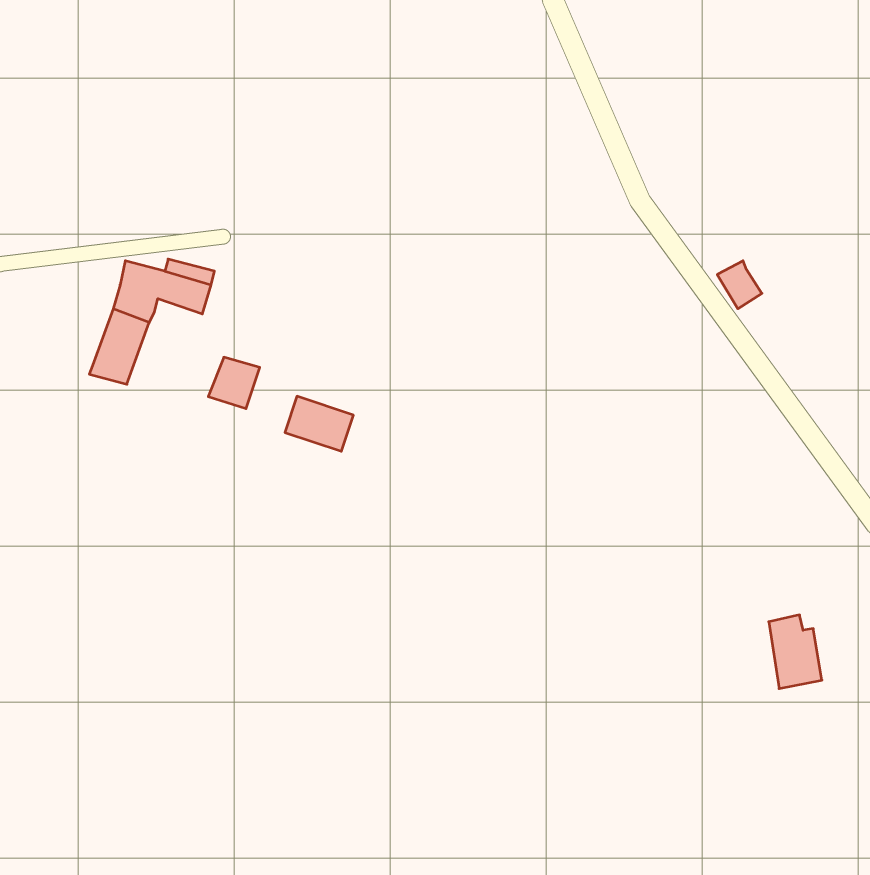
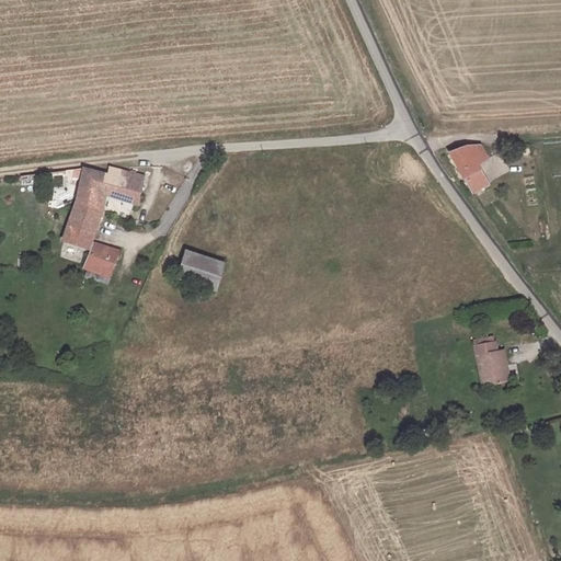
building: none -> [449,144,485,175]
building: [208,357,260,409] -> [82,241,115,274]
building: [769,615,822,689] -> [477,337,511,385]

